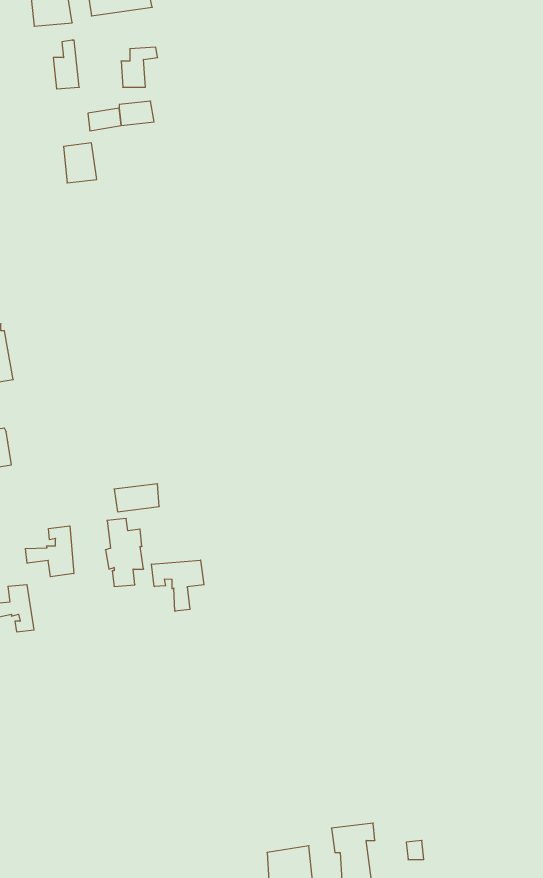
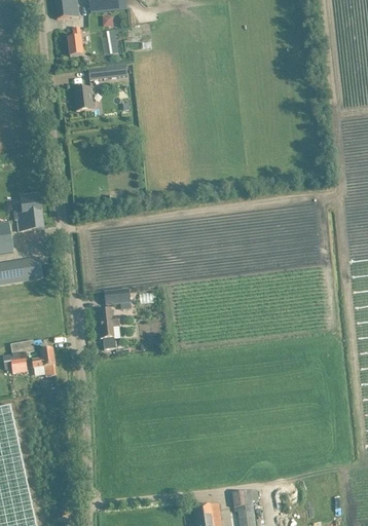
building: [25,526,74,577] -> none
building: [151,560,204,611] -> none

